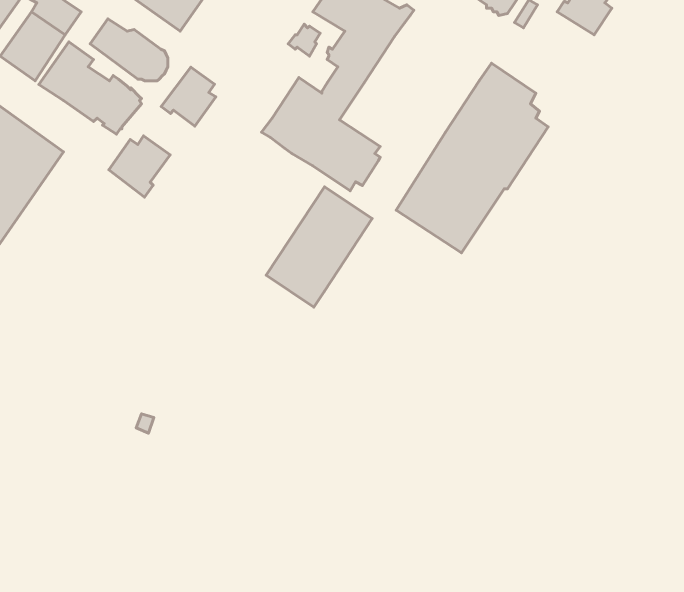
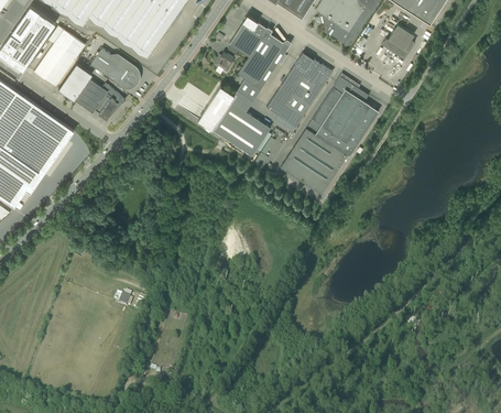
building: [161,67,216,126] -> none
building: [109,136,170,197] -> none
building: [266,187,372,307] -> [265,52,331,127]

